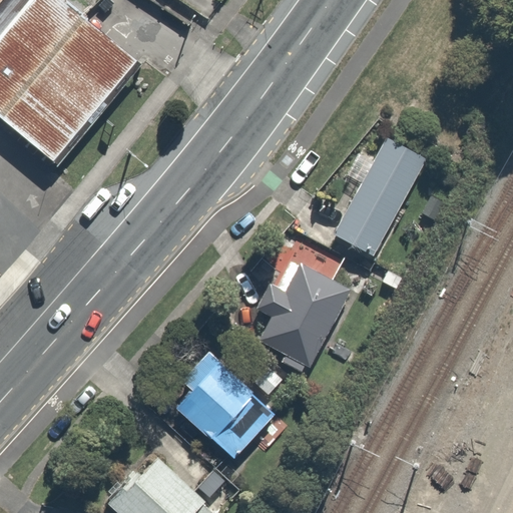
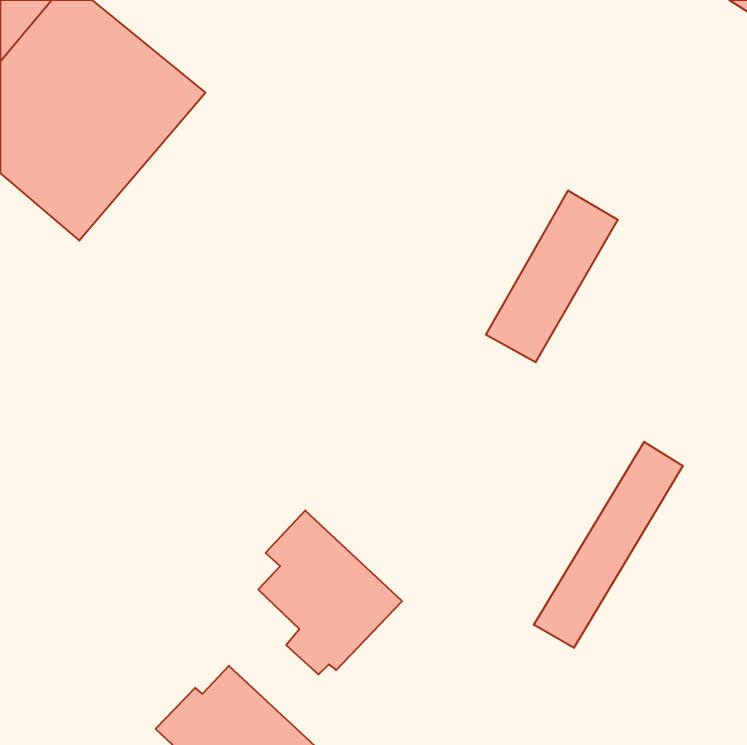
building: [255,265,349,365] -> none
building: none -> [534,442,683,648]

